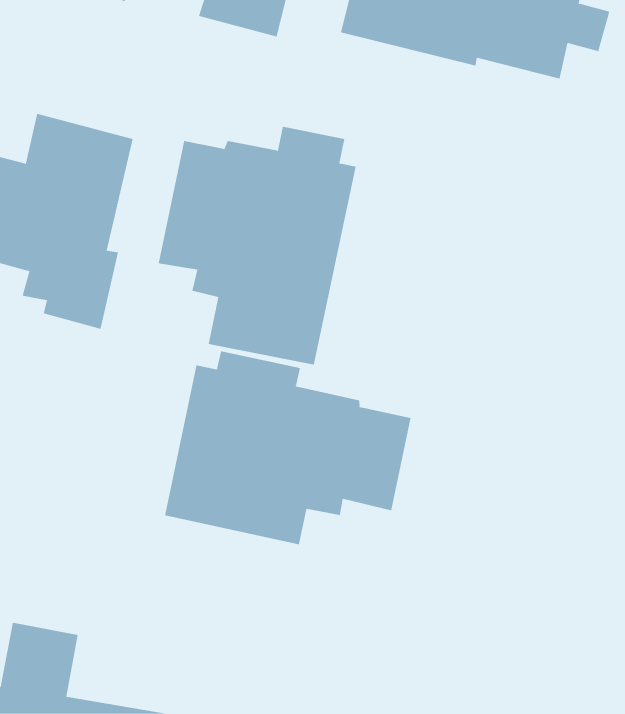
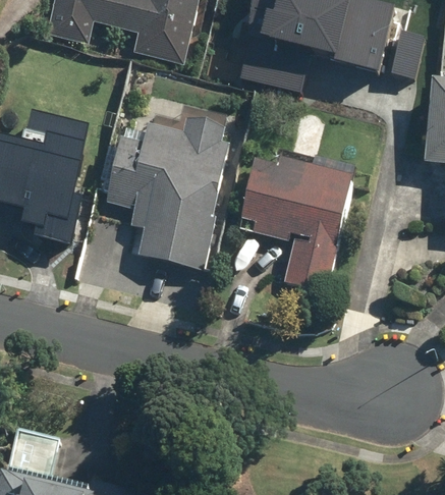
building: none -> [236,148,354,286]
building: [165,350,411,545] -> none

